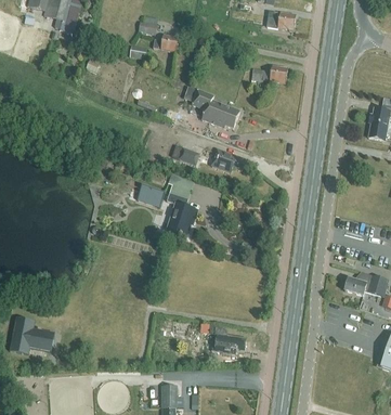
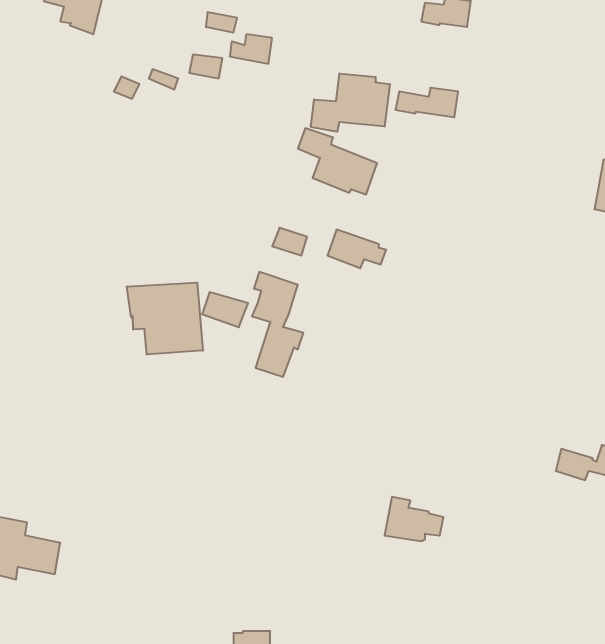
building: none -> [311,73,390,132]
building: none -> [127,283,203,355]
building: [212,327,247,353] -> [385,497,443,541]

